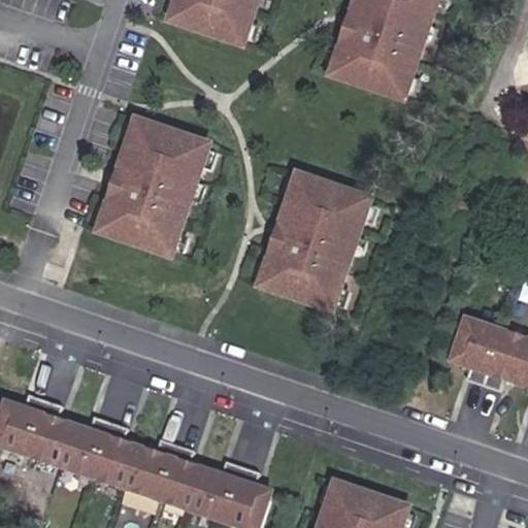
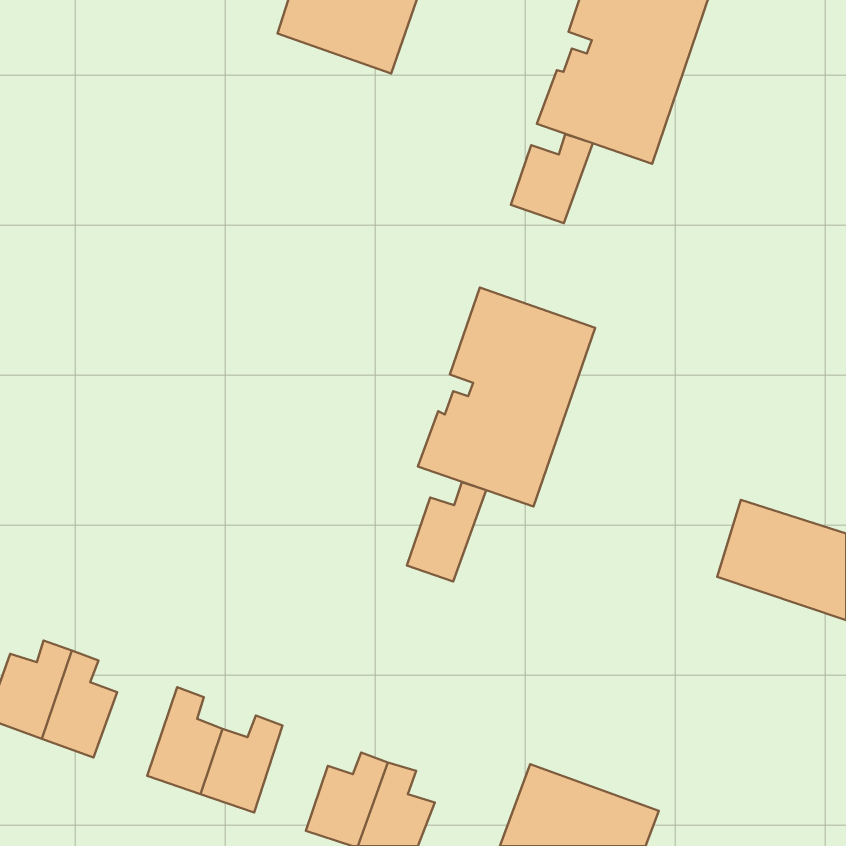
building: none -> [511,134,593,223]
building: [97,121,206,256] -> none
building: none -> [407,482,486,582]
building: [58,418,109,478] -> none
building: [157,448,202,513] -> none

